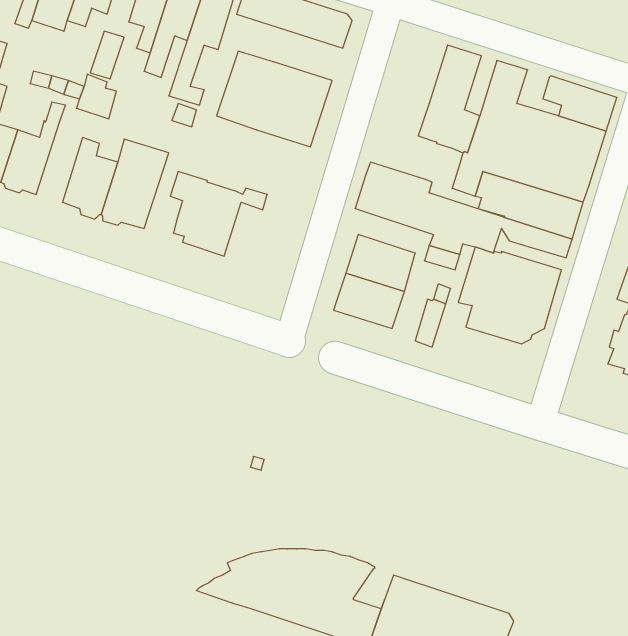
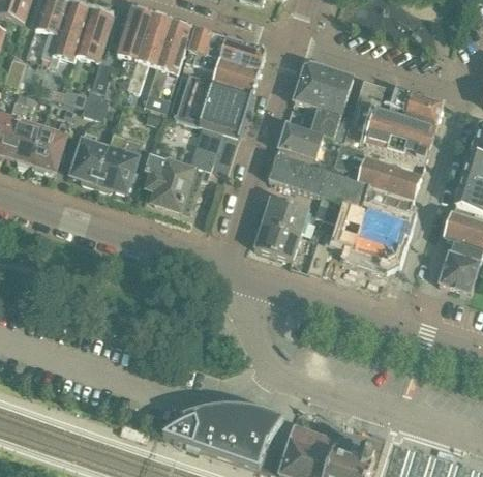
building: none -> [185,48,260,92]
building: none -> [293,62,330,108]
building: none -> [278,122,323,158]
building: none -> [189,125,238,175]

